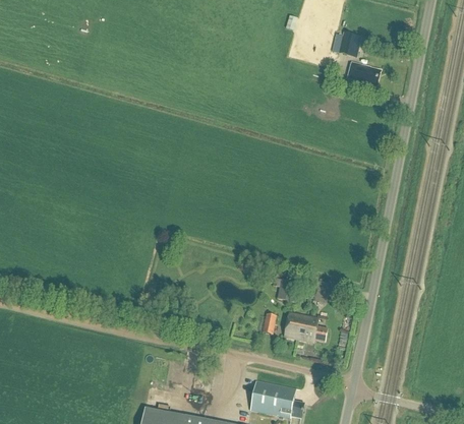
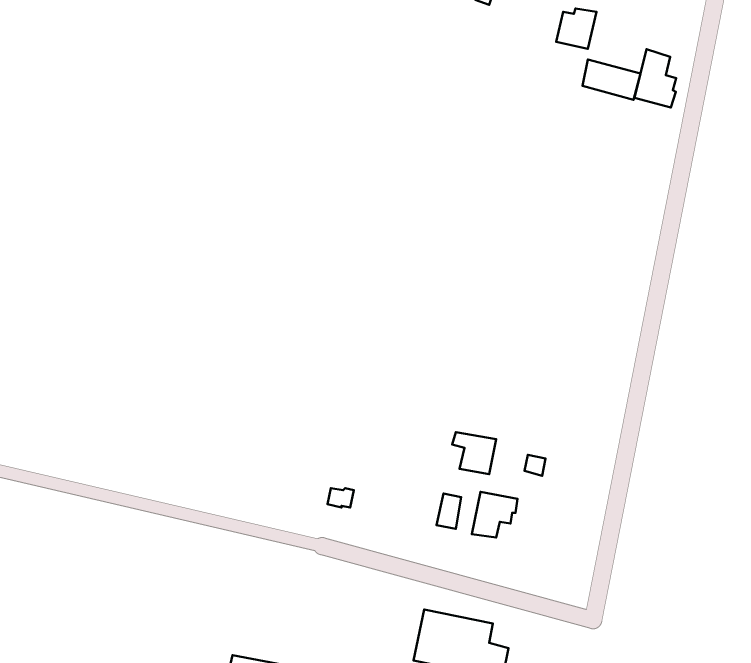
building: none -> [634,49,676,107]
building: [297,316,328,343] -> none

